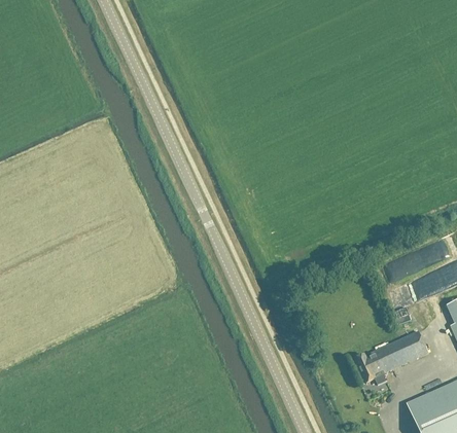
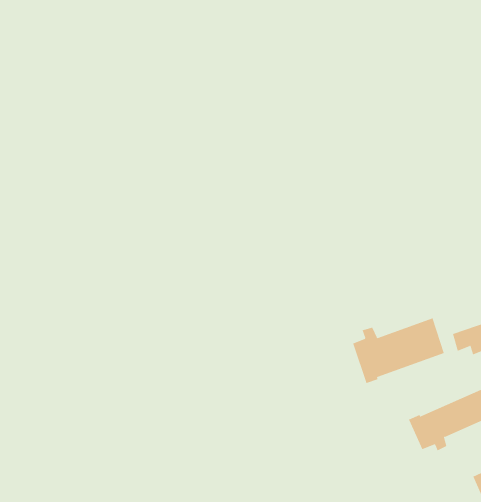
building: none -> [352,317,445,384]

